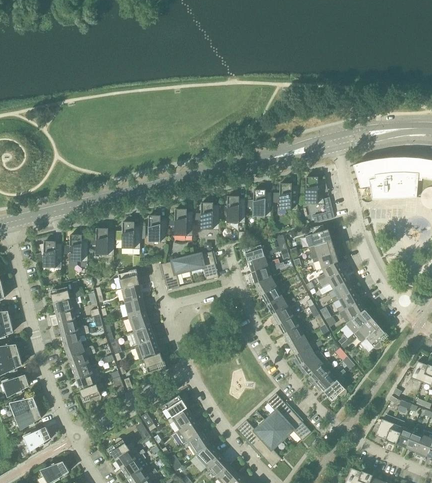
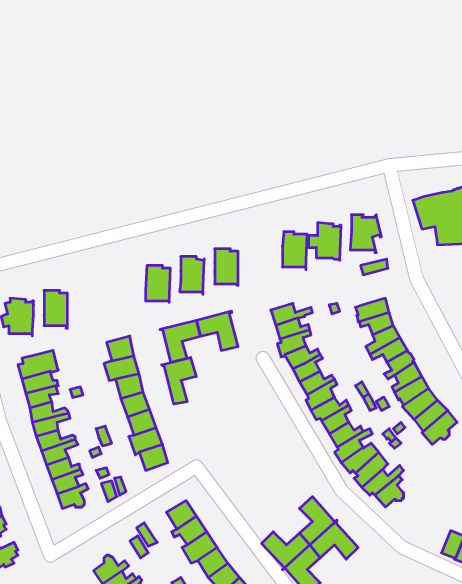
building: [227,196,245,225] -> none
building: [122,222,140,249] -> none
building: [305,225,332,248] -> none
building: [96,229,114,257] -> none
building: none -> [162,357,196,404]

